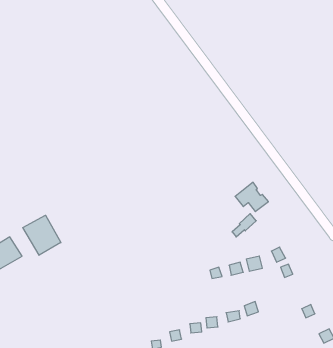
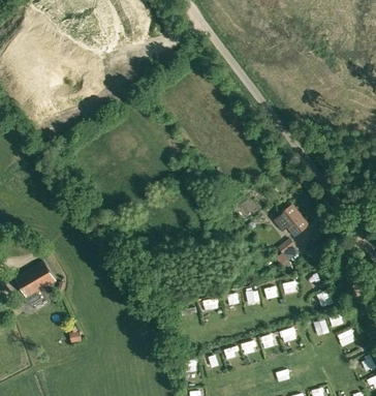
building: [23,215,61,255] -> none

